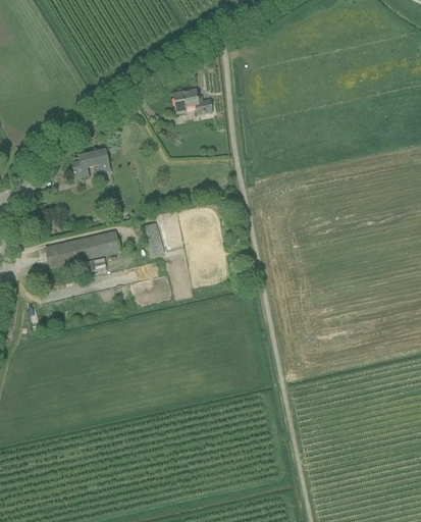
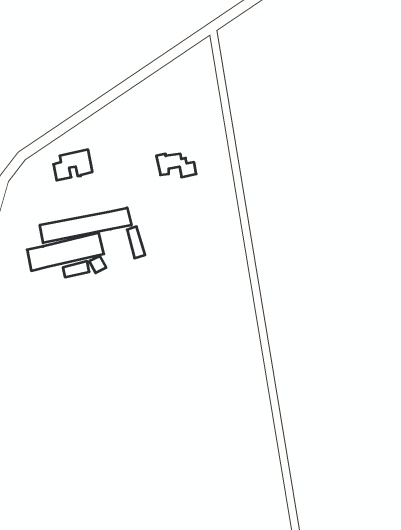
building: [173,91,212,113] -> [156,154,196,177]
building: none -> [40,208,131,243]

